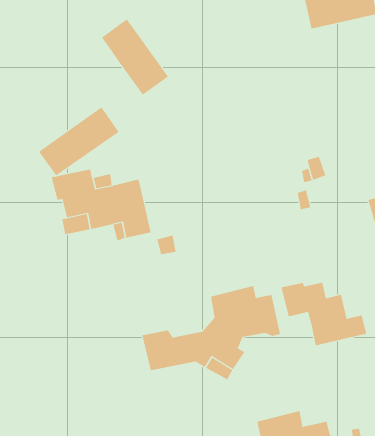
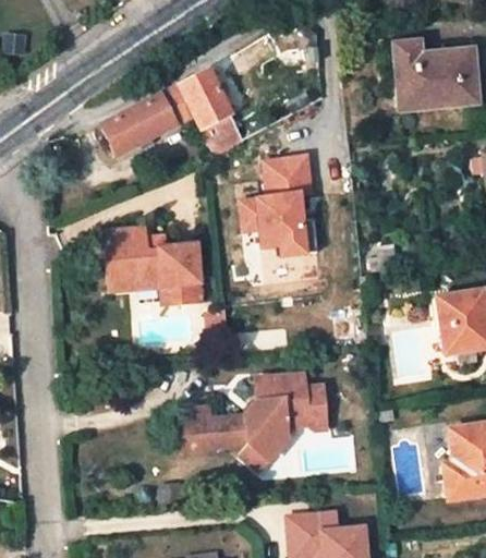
building: none -> [235,153,313,257]
building: [38,107,120,176] -> [102,87,192,155]
building: [281,282,367,346] -> none

